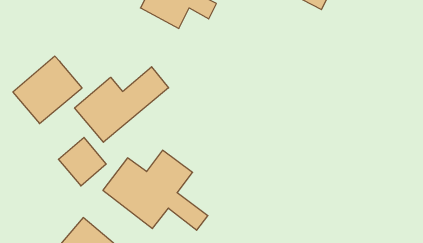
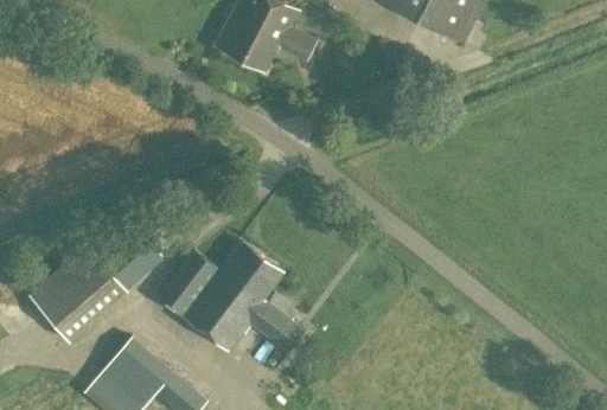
building: [13,56,82,124] -> [33,249,129,342]
building: [75,67,169,142] -> none

